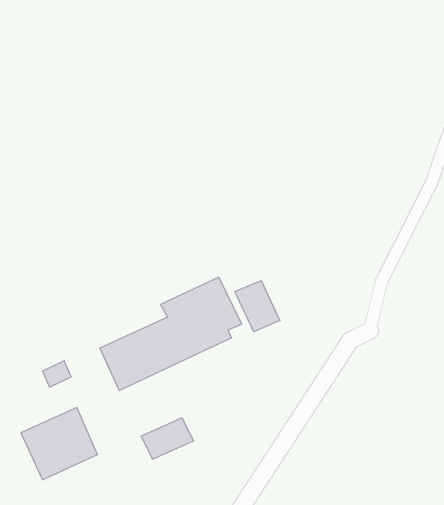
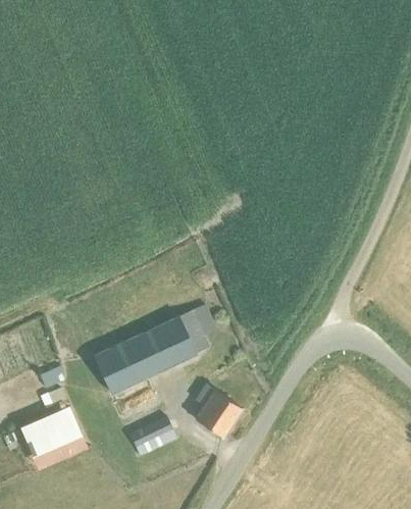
building: [235,280,280,332] -> none
building: none -> [196,385,243,439]

